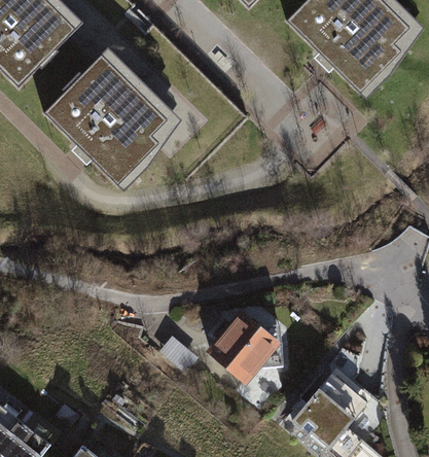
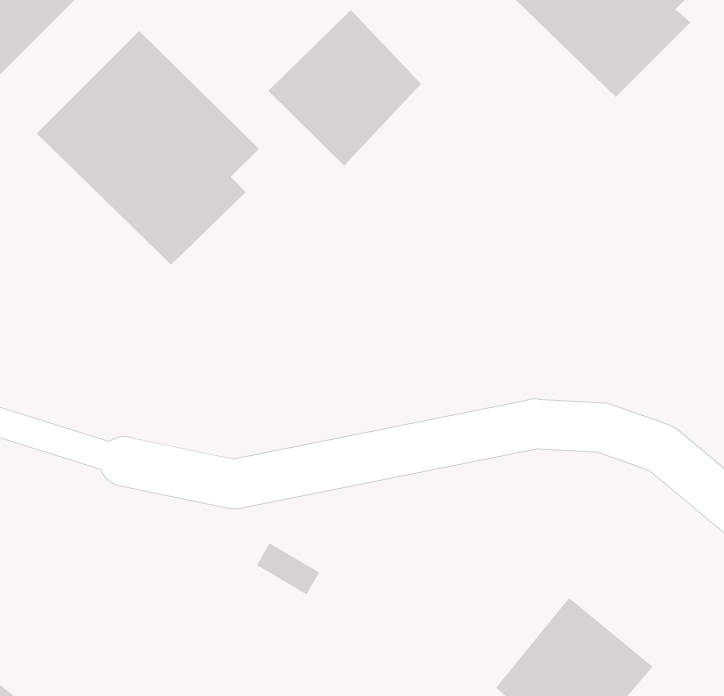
building: none -> [268,9,422,166]
building: [207,304,285,379] -> none

